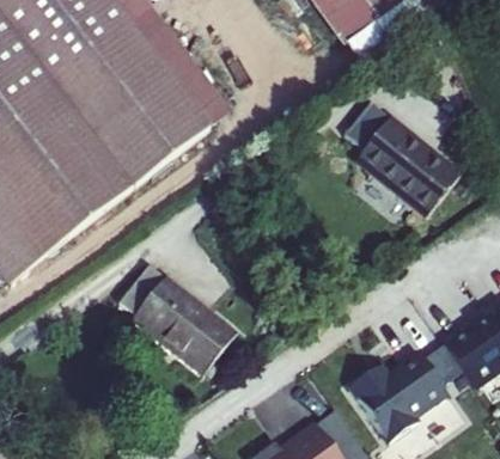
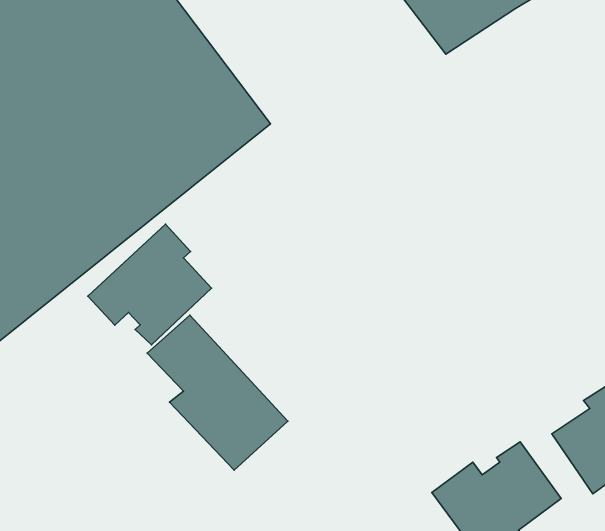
building: [342,100,457,215] -> none
building: none -> [88,224,212,345]

